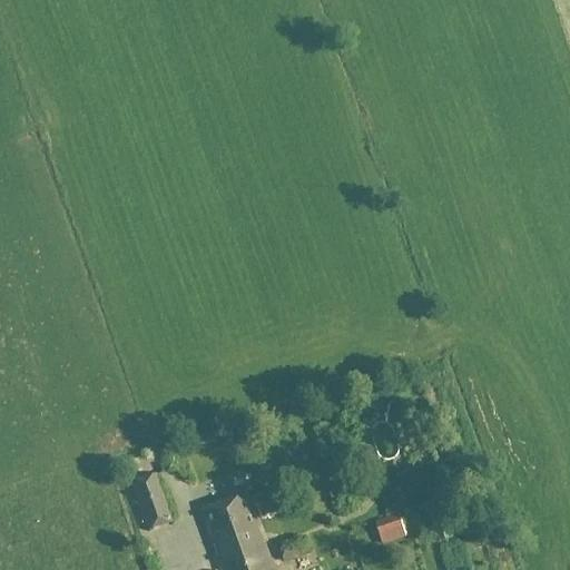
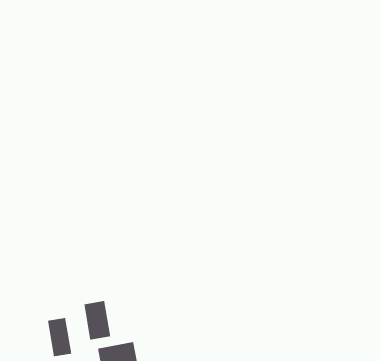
building: none -> [84,300,111,340]

